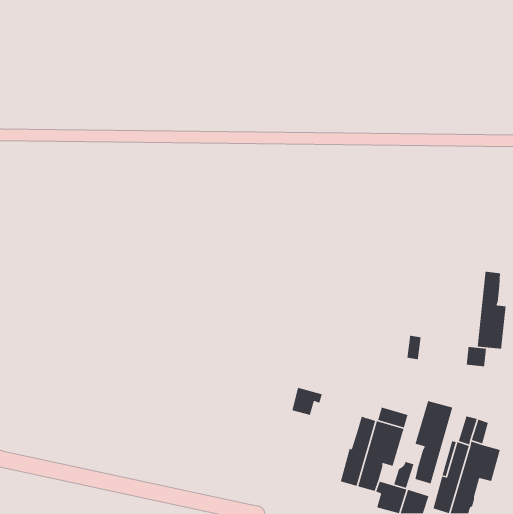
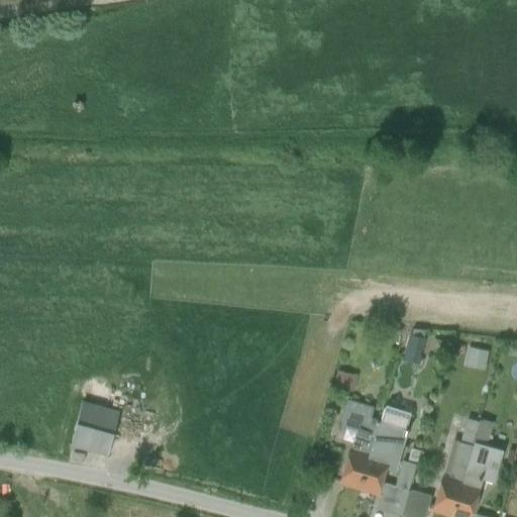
building: [477,271,506,349] -> none
building: [292,387,323,416] -> [340,402,372,431]
building: [415,400,453,484] -> none
building: none -> [72,404,119,456]

